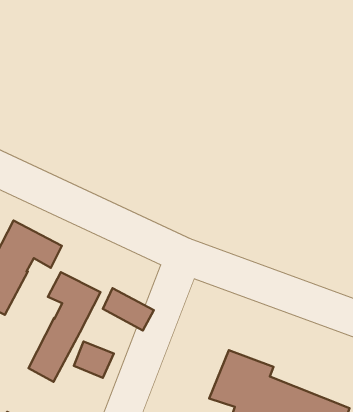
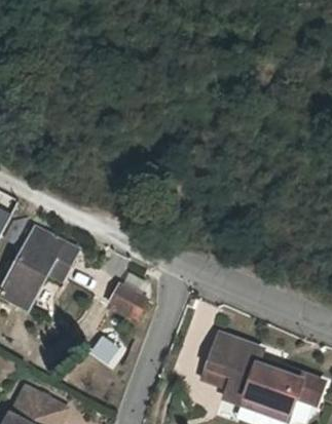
building: [28,272,101,382] -> none

